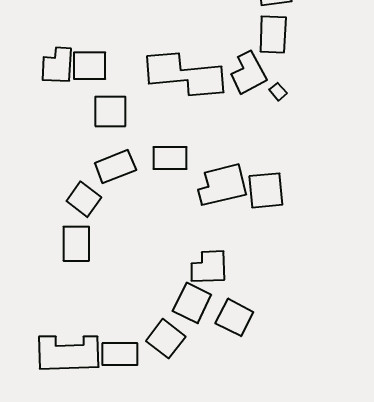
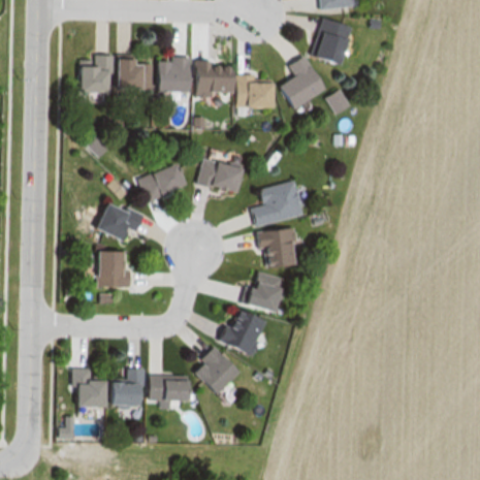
building: [95,97,125,126] -> [156,59,189,91]
building: [249,173,282,207] -> [262,229,298,266]
building: [215,298,253,336] -> none

